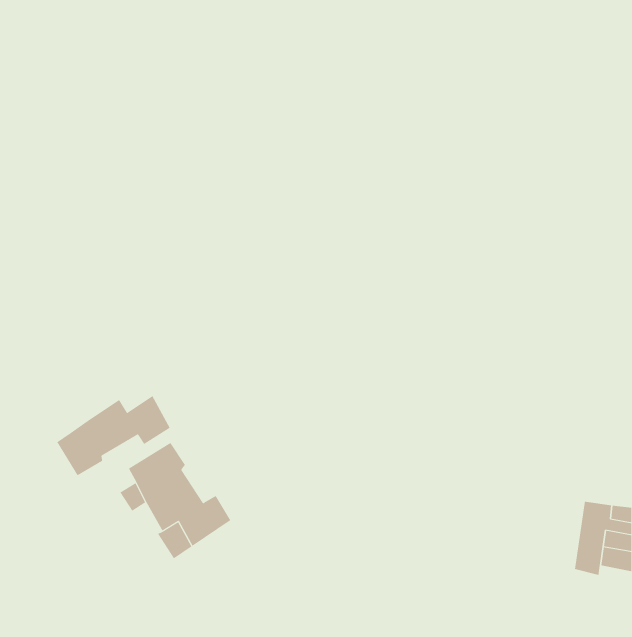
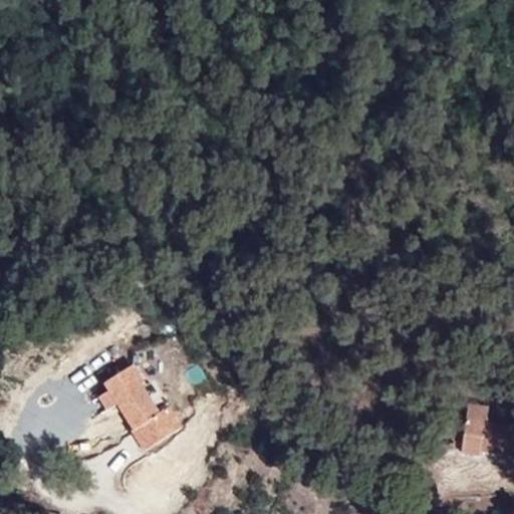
building: [56,395,170,476] -> none

